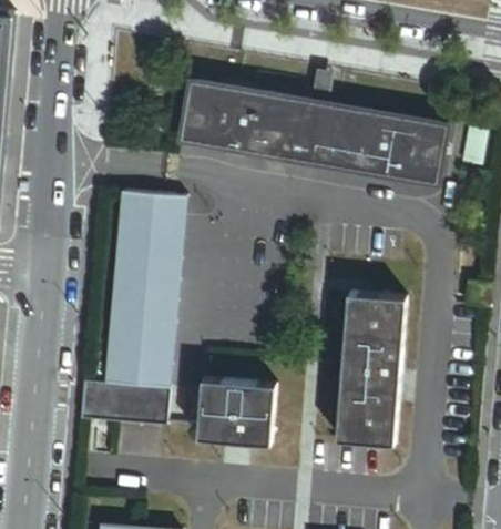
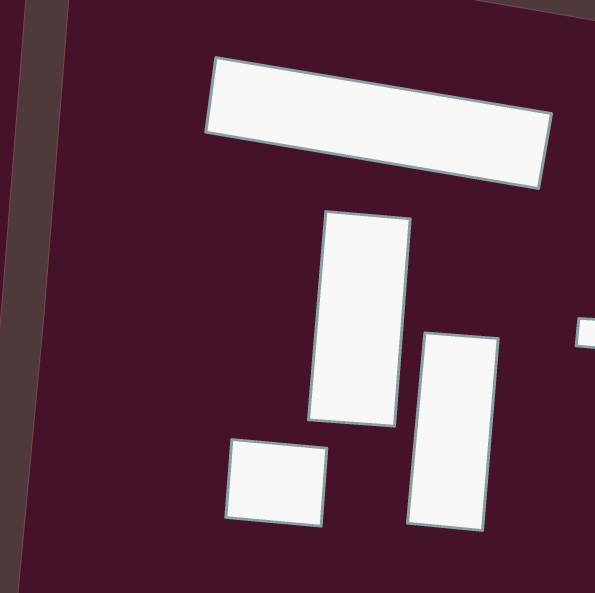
building: [76,193,181,424] -> none
building: none -> [308,212,410,426]

